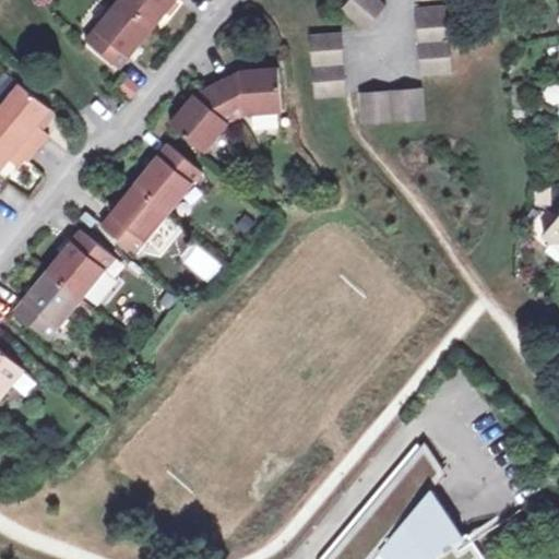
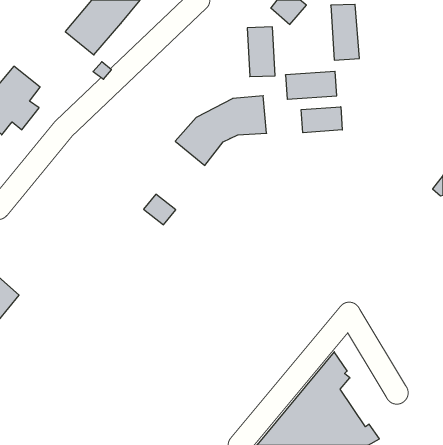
building: [167,67,282,154] -> [175,96,267,165]
building: none -> [301,107,342,133]
building: [99,143,203,253] -> none
building: [11,228,116,338] -> none

